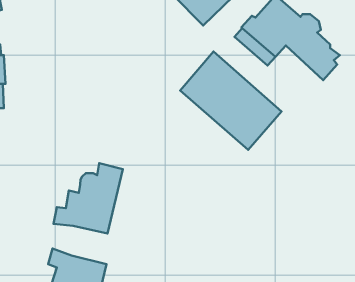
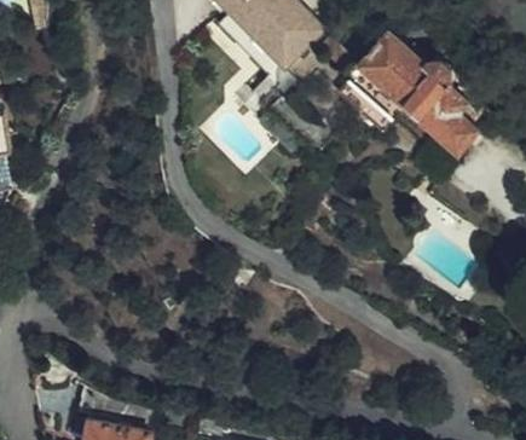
building: [180,51,282,150] -> none
building: [53,163,123,233] -> none

